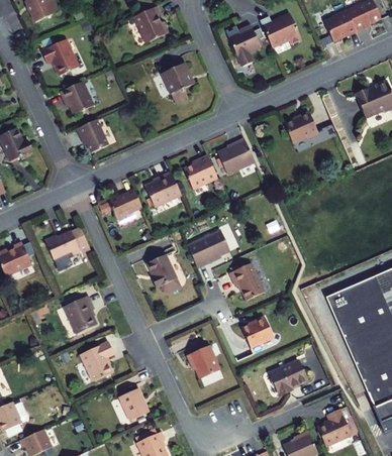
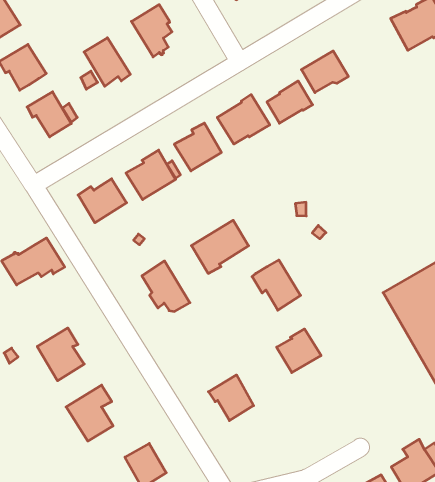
building: none -> [84,38,130,86]
building: none -> [267,81,313,123]
building: [270,361,307,395] -> none

